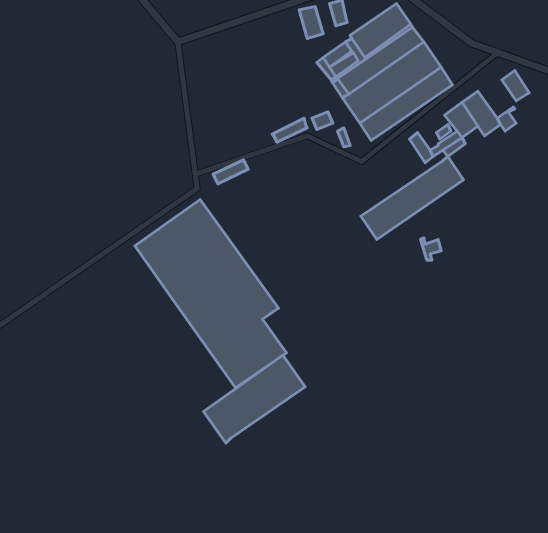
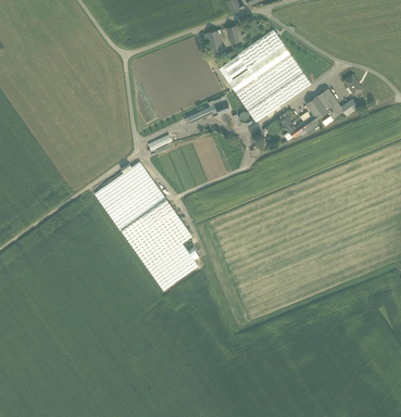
building: [361,157,464,239] -> none
building: [203,355,305,443] -> none

